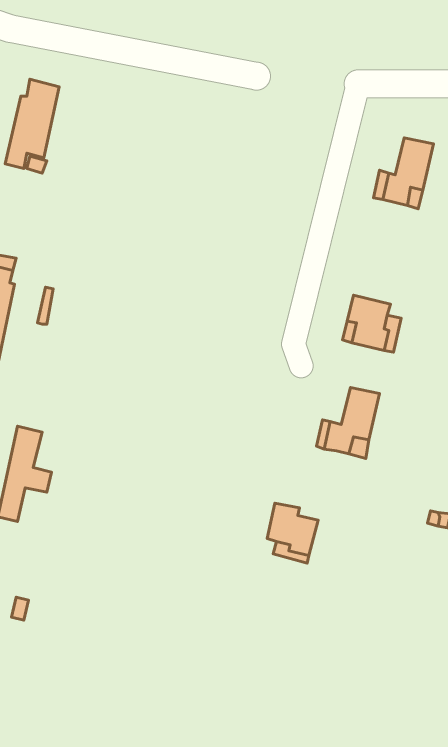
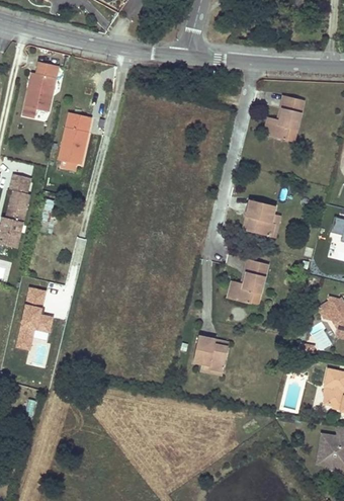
building: none -> [58,109,93,169]

